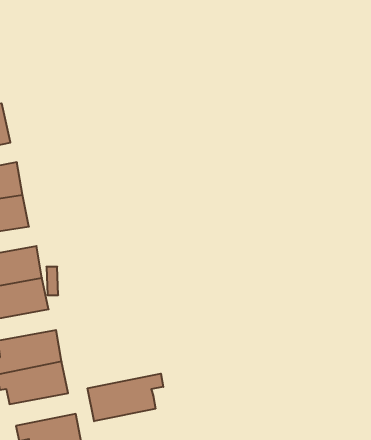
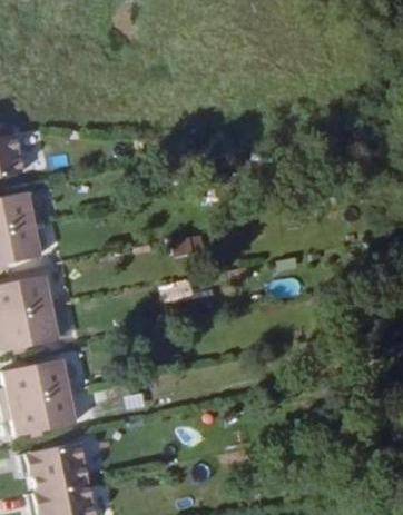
building: [88,374,163,421] -> none

